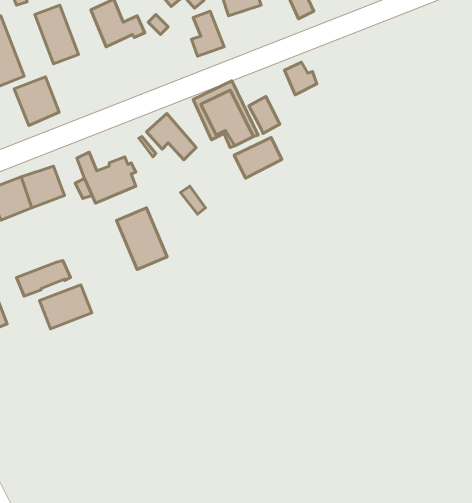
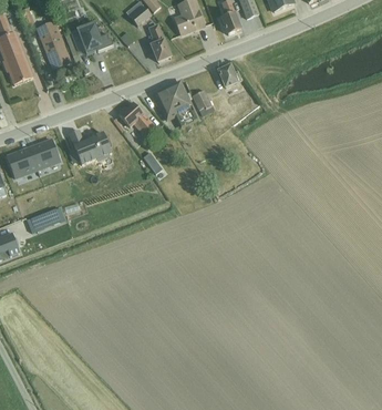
building: [14,77,59,126] -> none
building: [234,137,282,178] -> none
building: [117,208,167,269] -> none
building: [40,285,92,329] -> none

